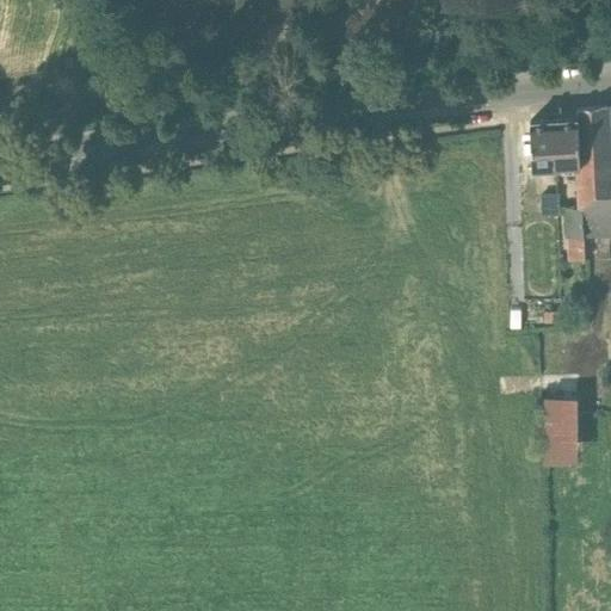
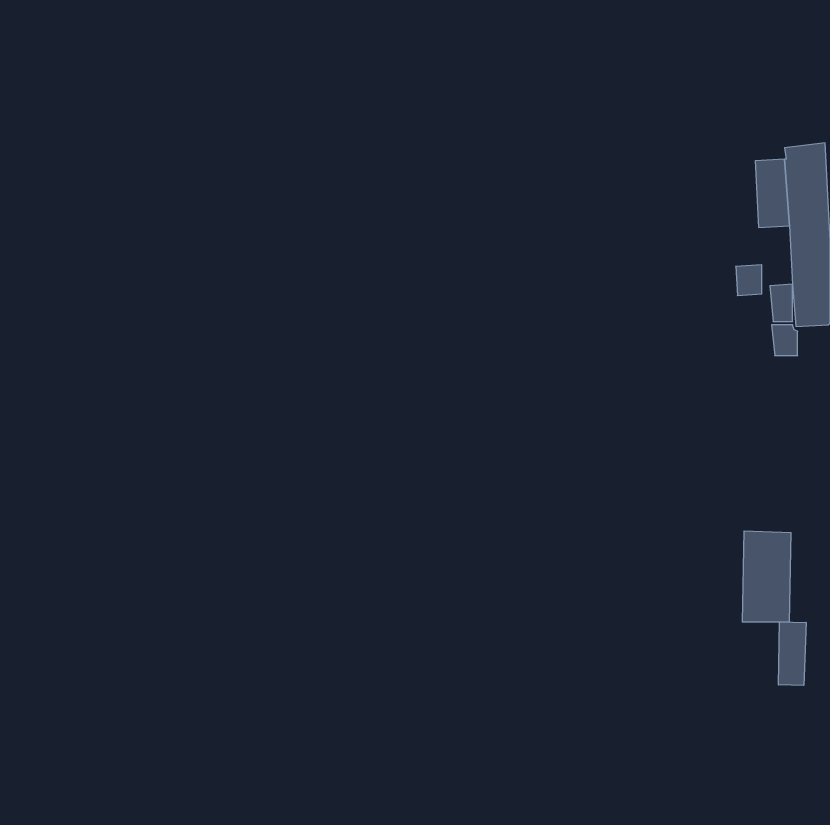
building: [531,122,557,171] -> none
building: none -> [779,622,806,685]

